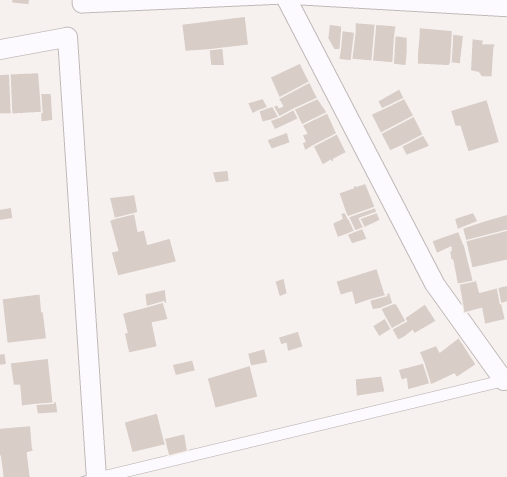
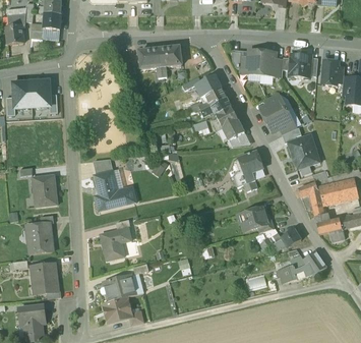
building: [450,99,500,152] -> [288,133,319,167]
building: none -> [33,174,57,206]
building: [207,365,258,409] -> [104,273,136,300]

